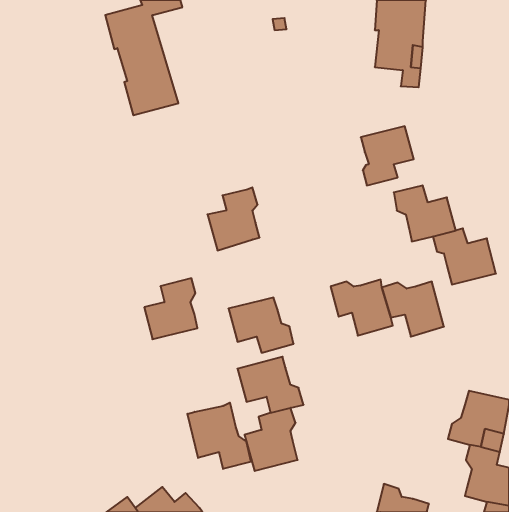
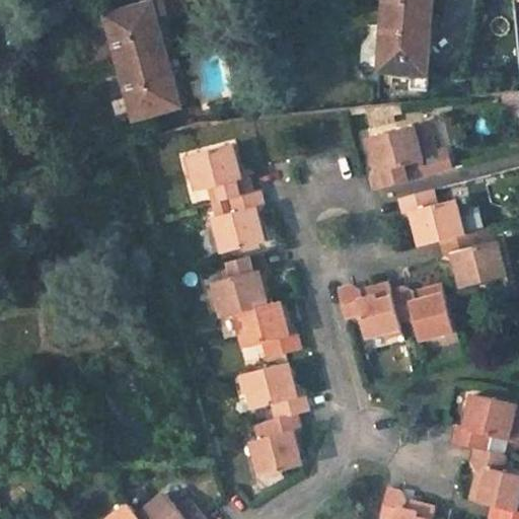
building: none -> [184,145,250,200]
building: [144,278,197,339] -> [211,253,265,315]
building: [187,403,251,469] -> none

